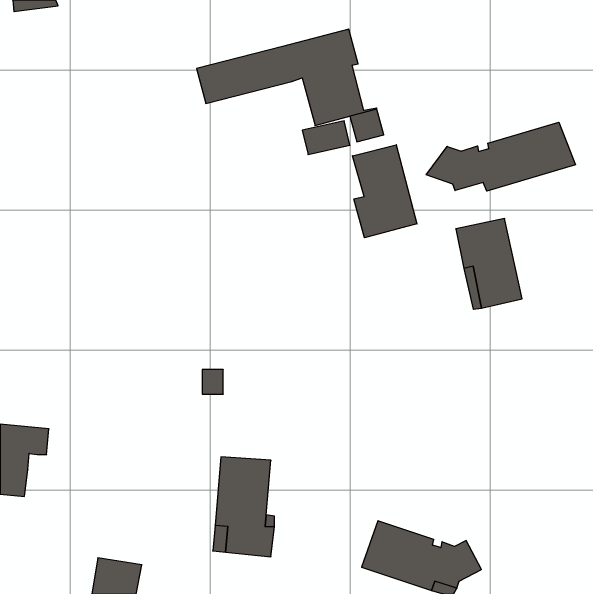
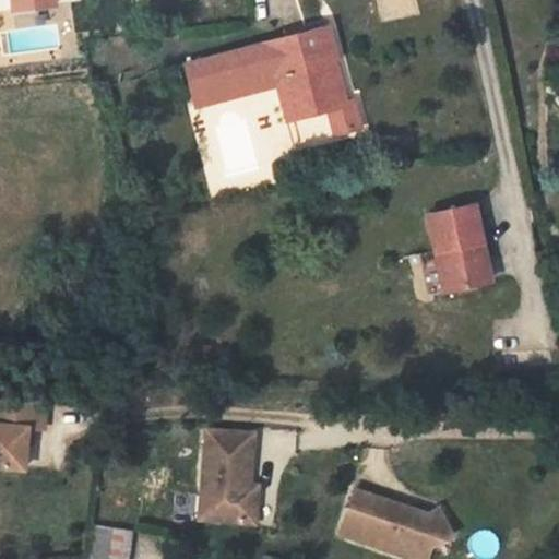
building: none -> [194,73,297,120]
building: [426,122,575,191] -> none
building: [352,145,417,238] -> none

